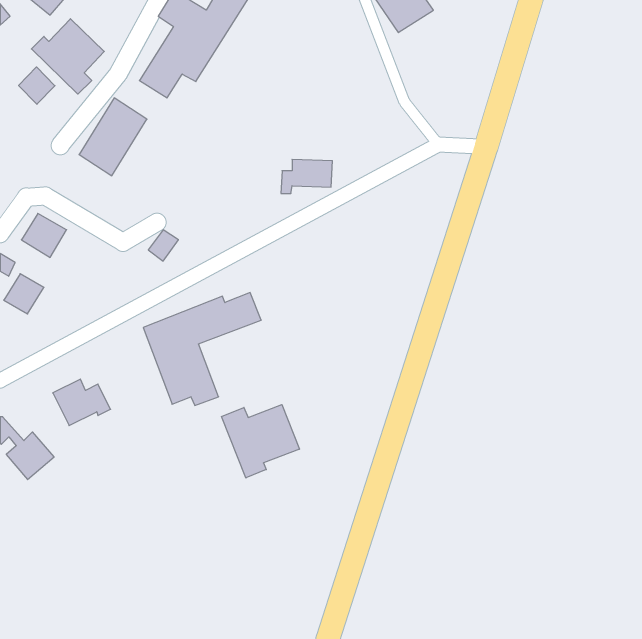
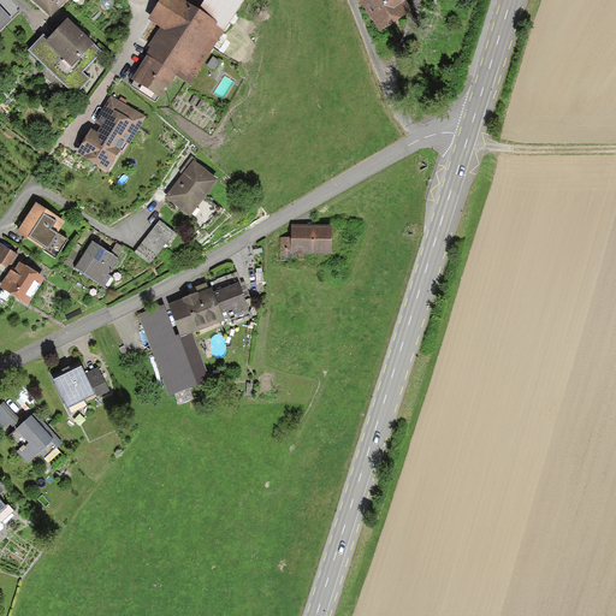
building: [19,67,55,104] -> none
building: [281,159,332,193] -> [280,225,330,257]
building: none -> [165,159,217,213]
building: none -> [75,241,119,284]
building: [222,405,299,478] -> none

